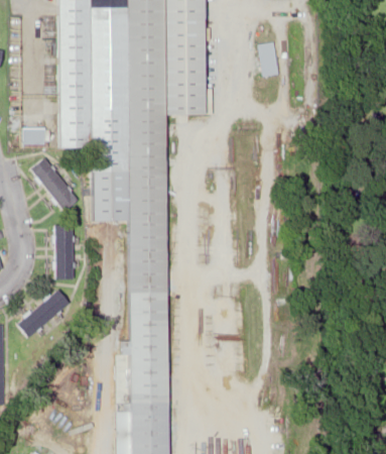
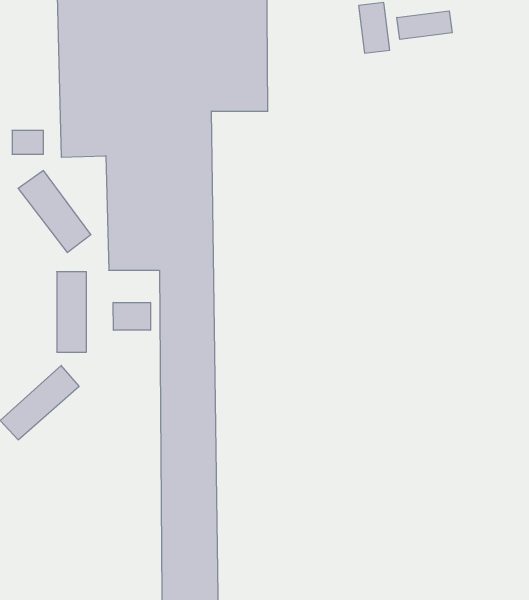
building: none -> [397,11,452,39]
building: none -> [113,302,150,330]

